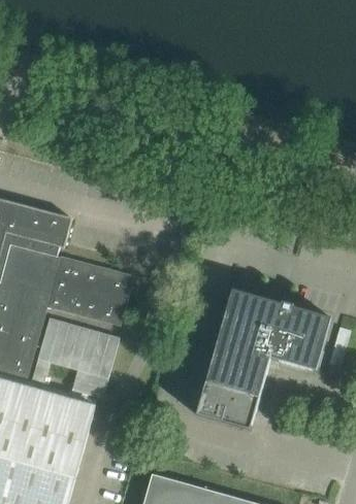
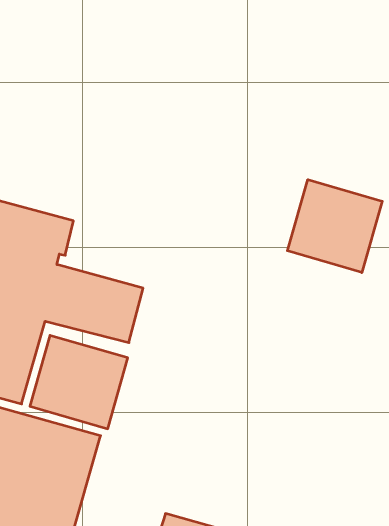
building: none -> [287,180,382,273]
building: [196,290,331,430] -> none

